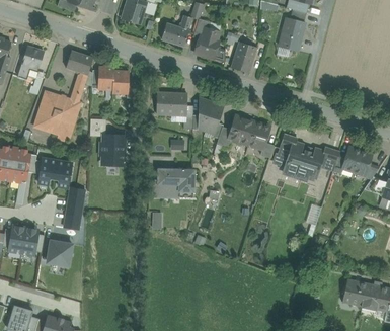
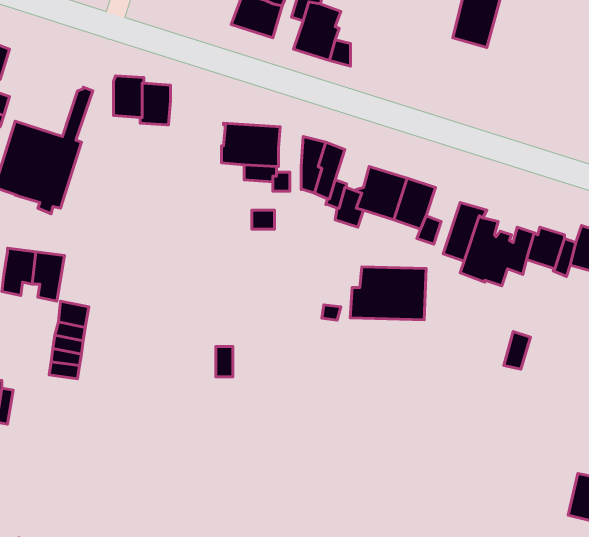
building: [231,43,256,74] -> none
building: [66,51,93,75] -> none
building: [101,135,124,163] -> none
building: [153,169,193,197] -> [350,267,426,320]
building: [47,238,75,267] -> none

